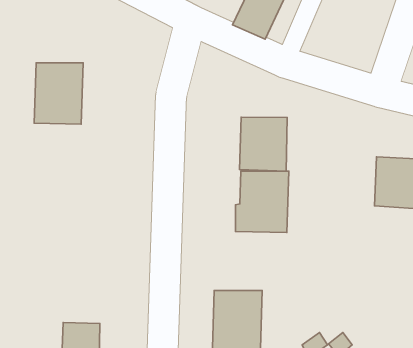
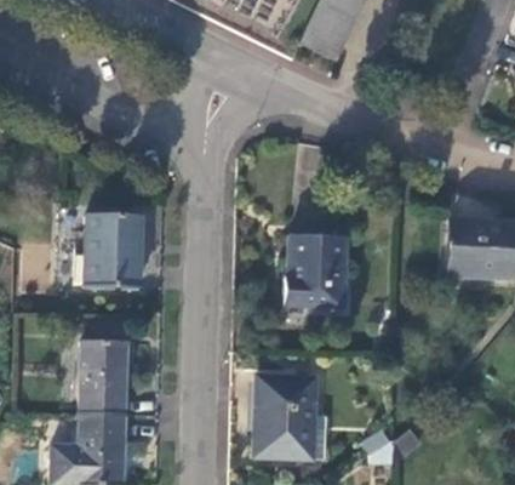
building: [34,63,83,124] -> [84,213,142,286]
building: [239,117,287,171] -> none
building: none -> [80,340,126,415]

